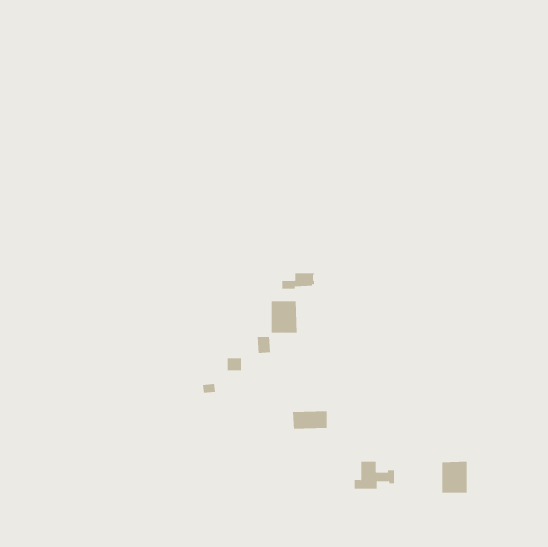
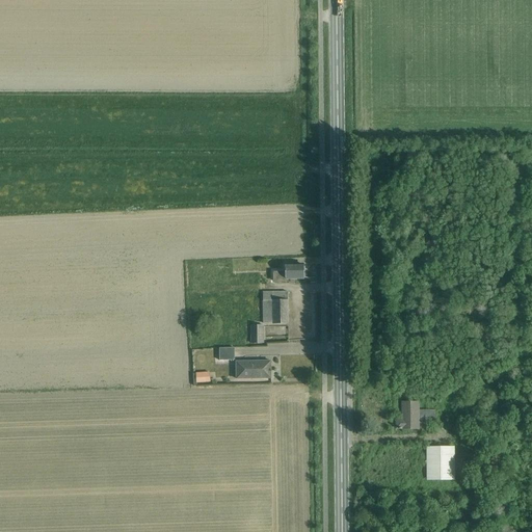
building: [292,411,327,429] -> [236,361,270,378]
building: [354,461,395,489] -> [395,400,434,427]

